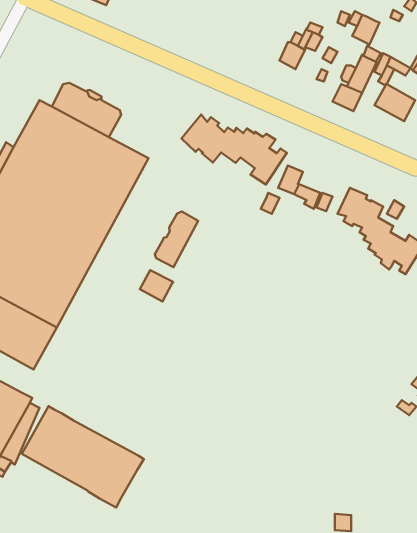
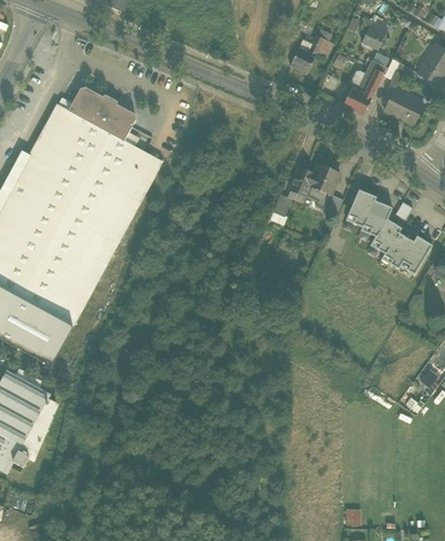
building: [181,114,287,185] -> none
building: none -> [309,164,340,194]
building: [155,211,198,267] -> none
building: [140,270,173,302] -> none
building: [22,406,144,508] -> none

